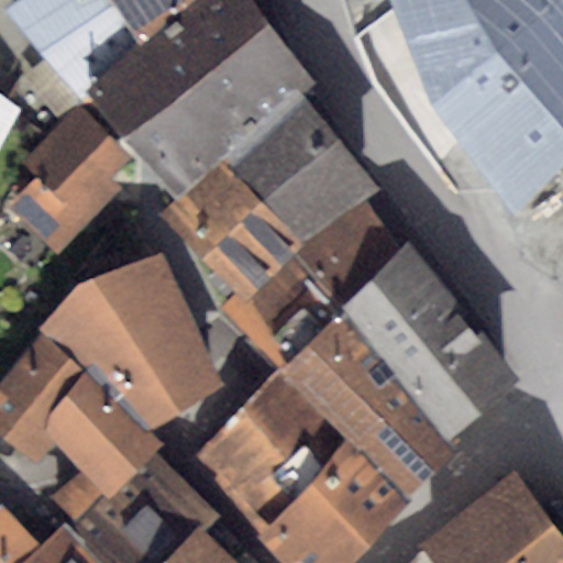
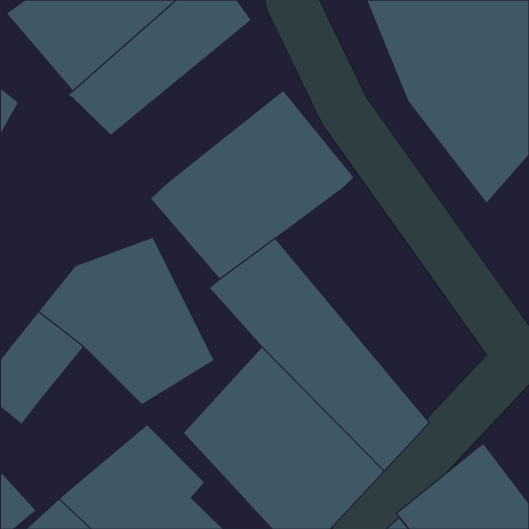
building: [126,21,318,196] -> none
building: [7,103,130,254] -> none
building: [292,199,519,440] -> none
building: [43,368,166,521] -> none

